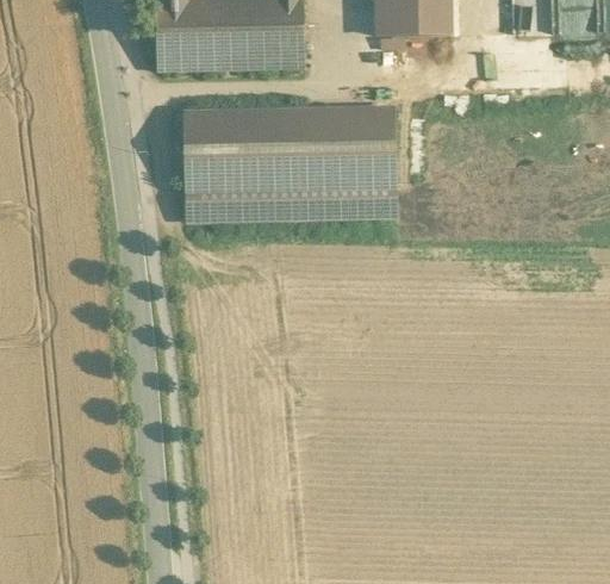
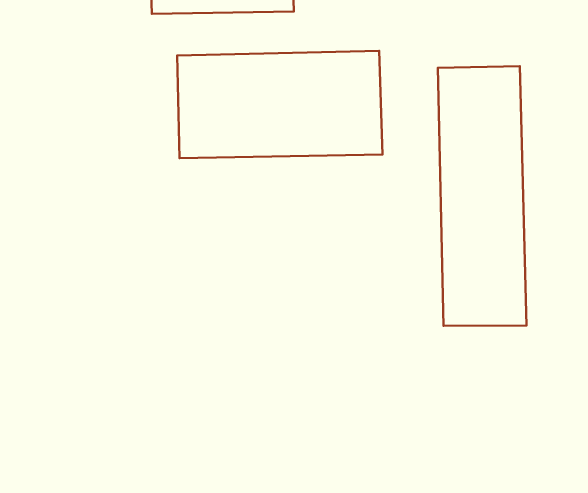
building: none -> [438,66,526,326]

